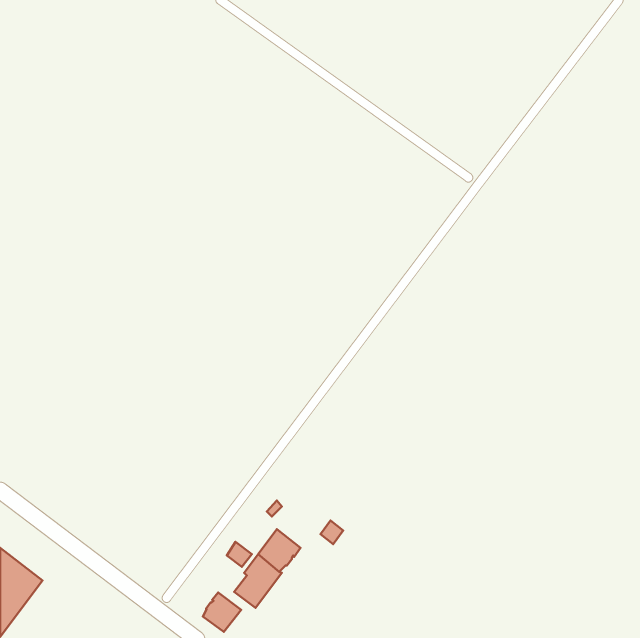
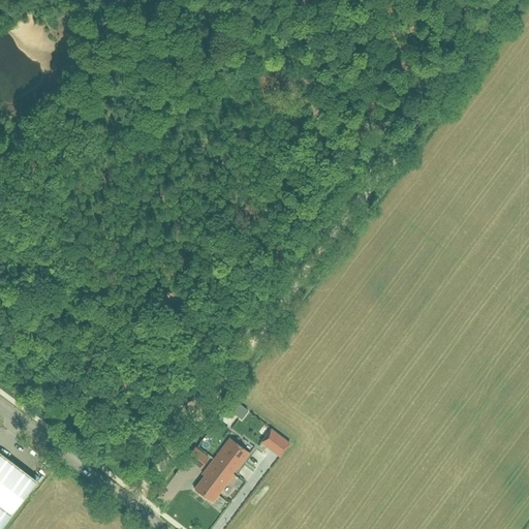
building: [203,593,241,632] -> none

